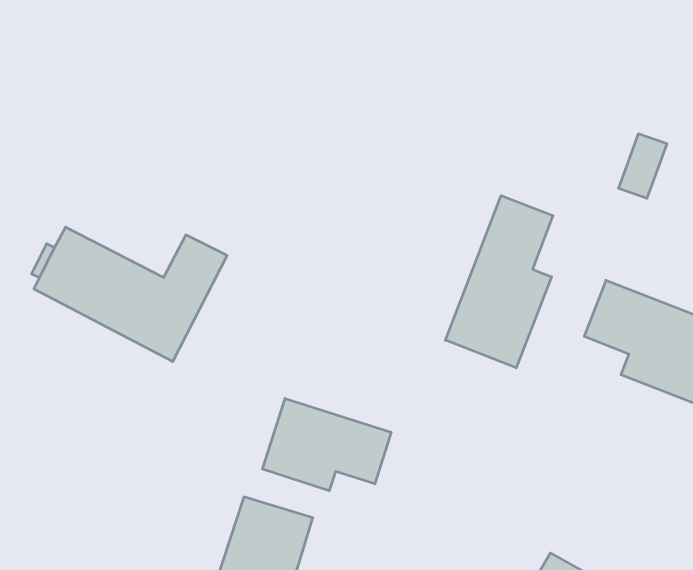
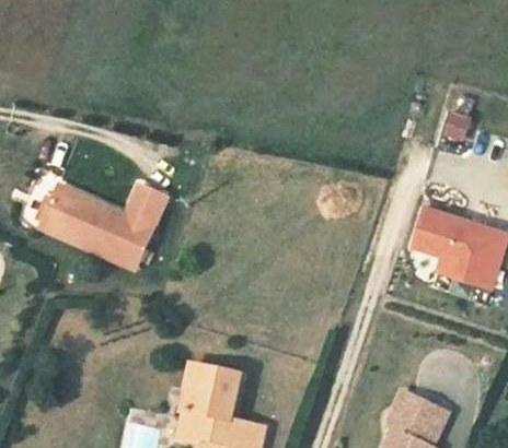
building: [445,196,553,368] -> none
building: [262,398,391,491] -> none

